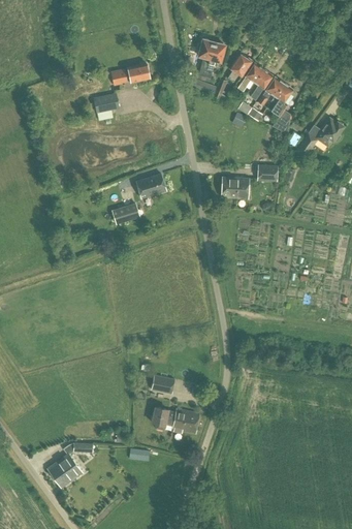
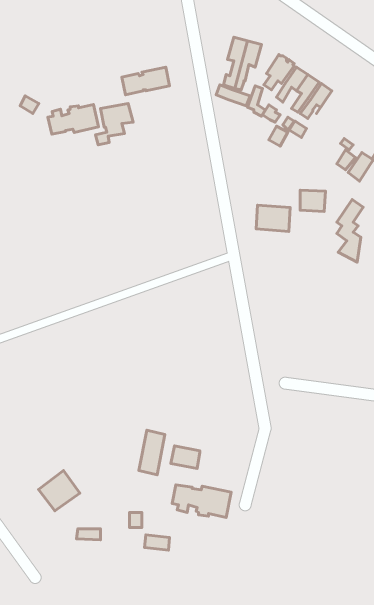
building: [270,82,292,133] -> [337,200,363,262]
building: none -> [48,104,98,134]
building: [136,173,166,197] -> none
building: [111,201,140,223] -> none
building: none -> [139,430,165,475]
building: [47,453,82,486] -> [38,471,80,511]

